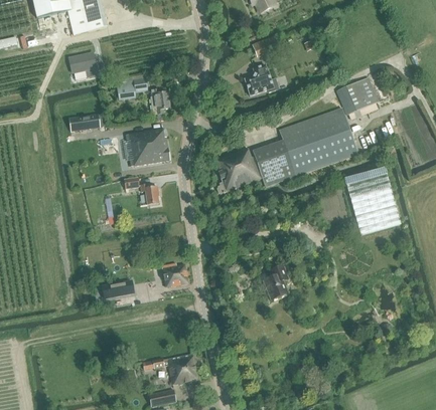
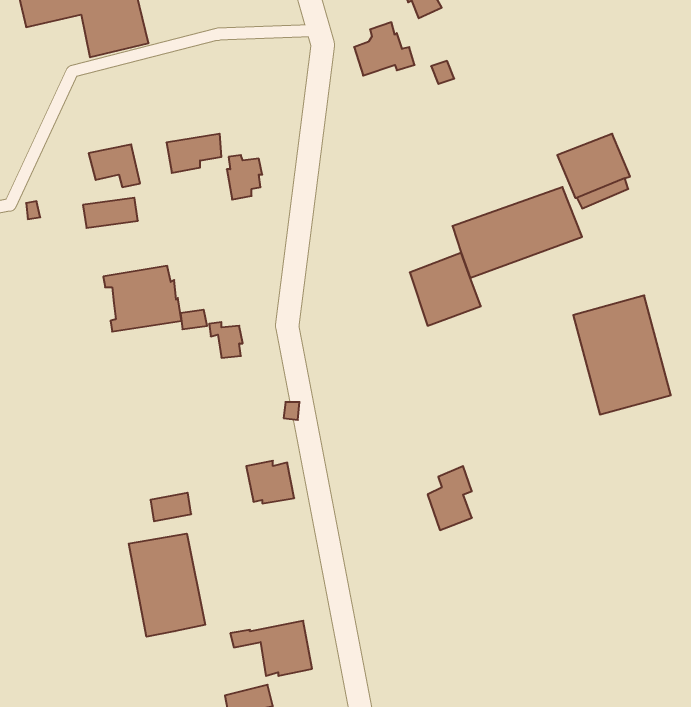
building: [67,52,97,76] -> [89,144,140,187]
building: [244,65,278,95] -> [354,22,415,76]
building: [125,129,169,166] -> [103,266,181,332]
building: [287,136,356,175] -> none
building: [213,149,259,193] -> none
building: none -> [129,534,205,637]

